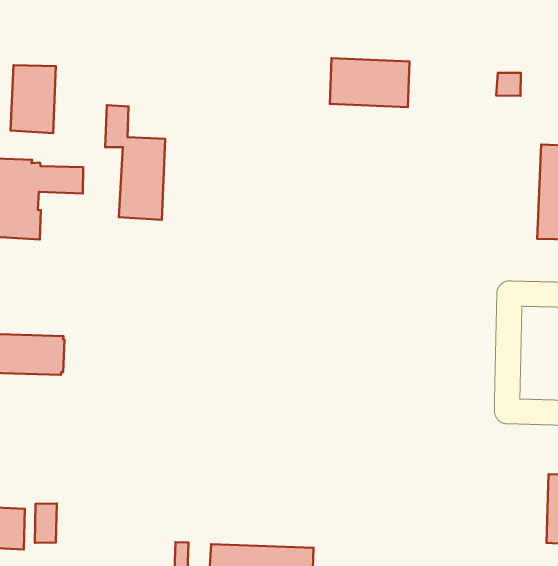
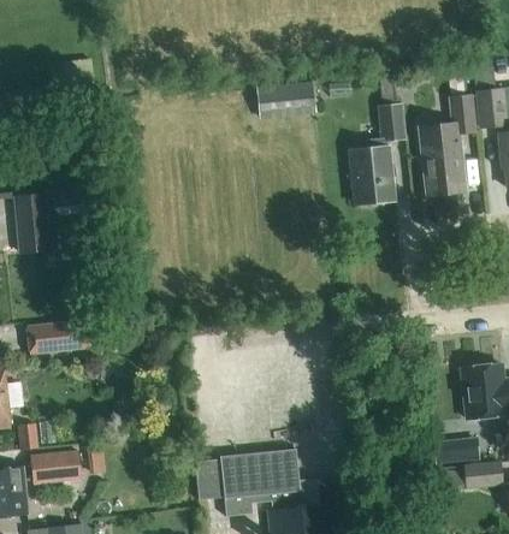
building: [11,65,56,133] -> none
building: [105,105,165,220] -> none
building: none -> [349,105,403,203]

